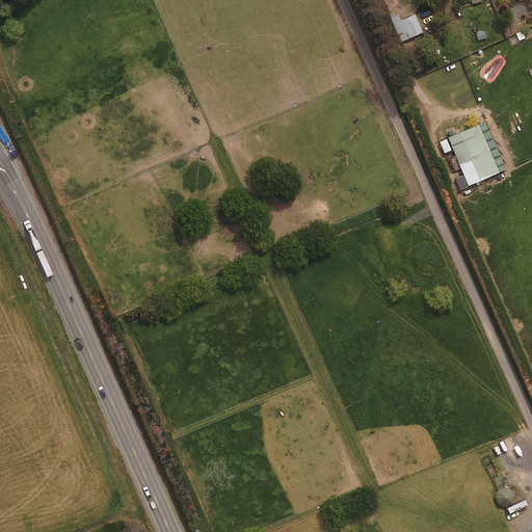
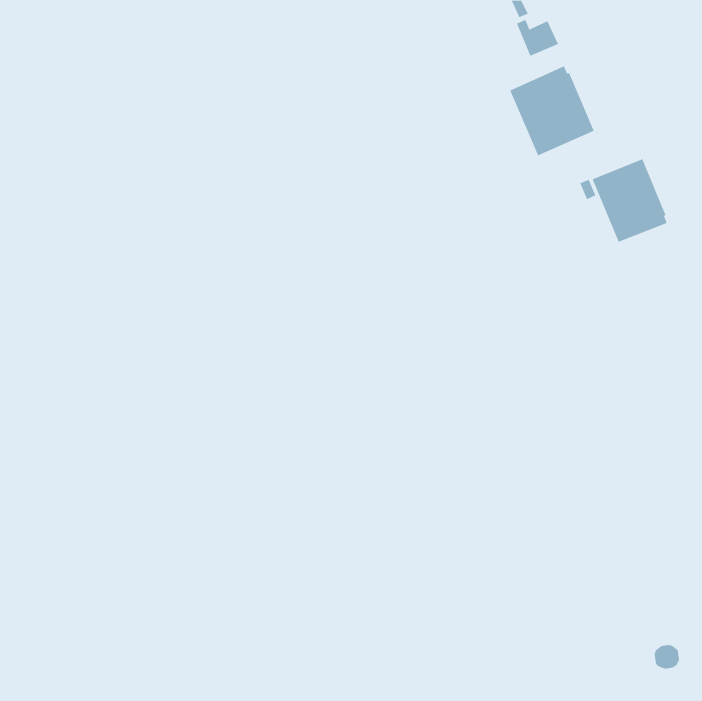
building: none -> [510,65,595,156]

